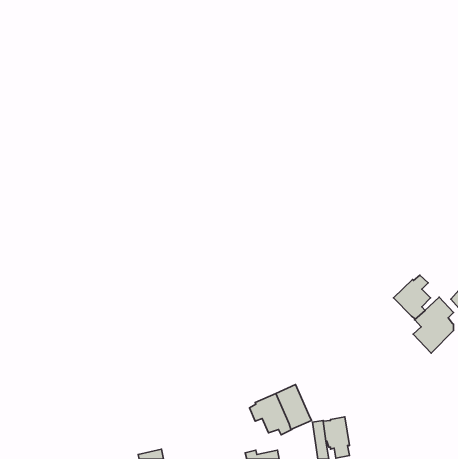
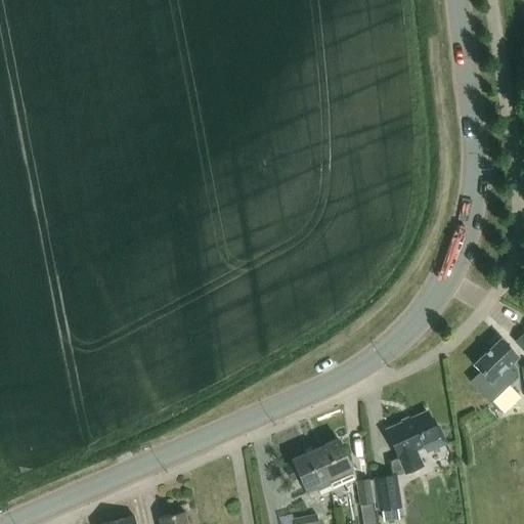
building: [394,275,430,320] -> none
building: none -> [387,411,447,473]

